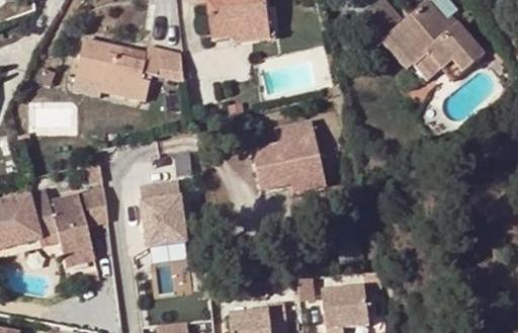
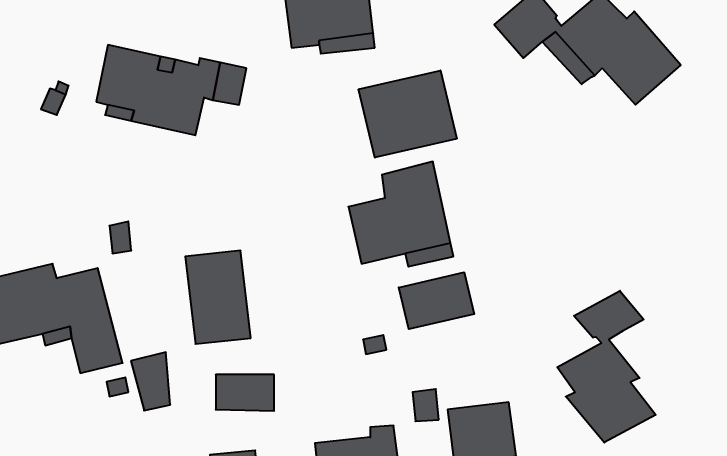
building: none -> [359,70,457,158]
building: [78,186,105,227] -> [131,352,170,411]
building: none -> [399,272,474,329]
building: none -> [557,291,656,443]

